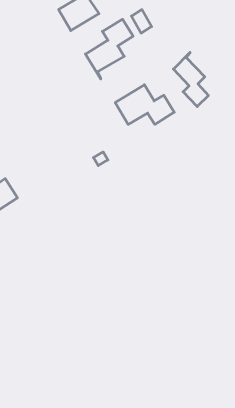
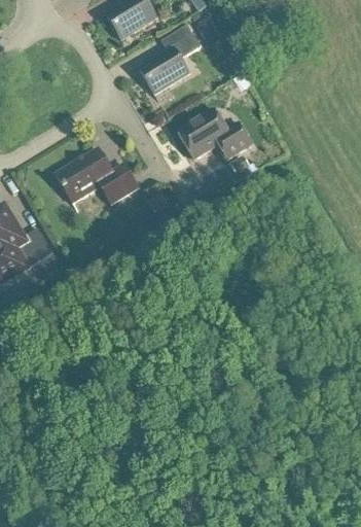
building: [173,52,208,107] -> none
building: none -> [56,148,137,203]

